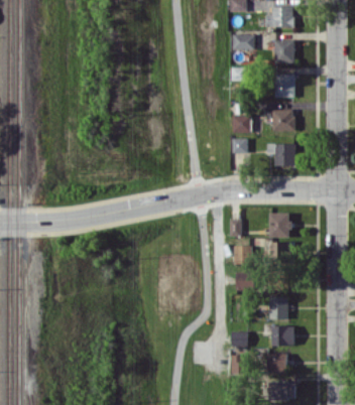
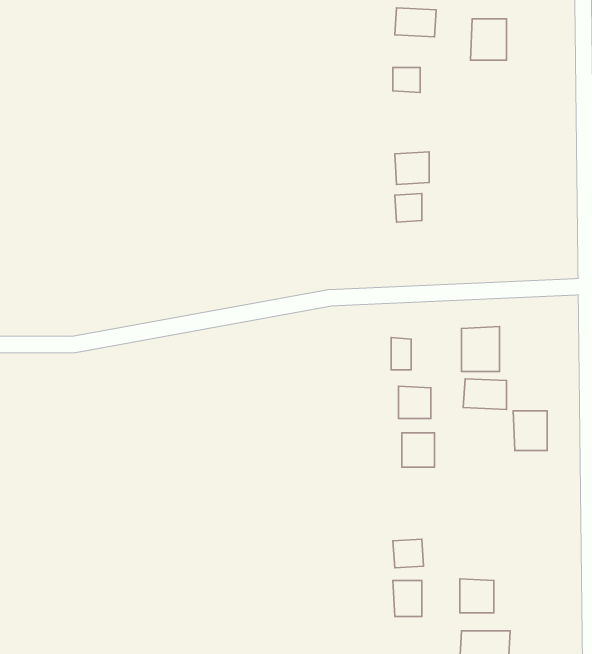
building: [275,75,294,98] -> none
building: [272,110,294,131] -> none
building: [267,144,295,166] -> none
building: [269,297,288,319] -> [513,411,547,451]
building: [271,325,294,346] -> none

